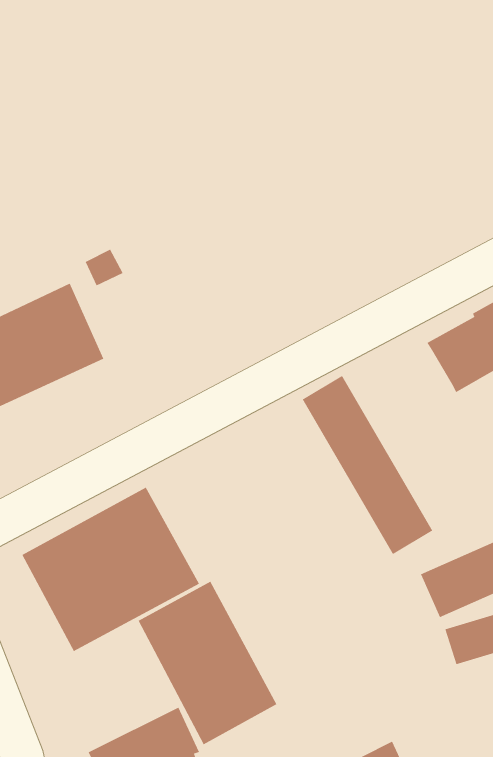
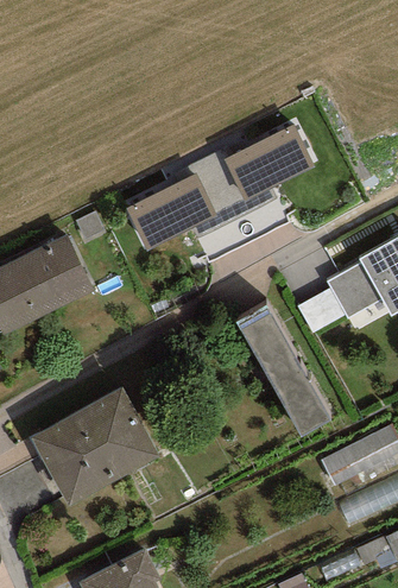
building: none -> [126,126,315,251]
building: none -> [298,286,346,331]
building: [138,581,277,745] -> none

